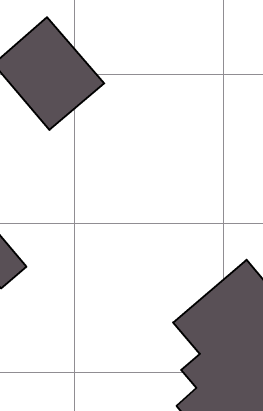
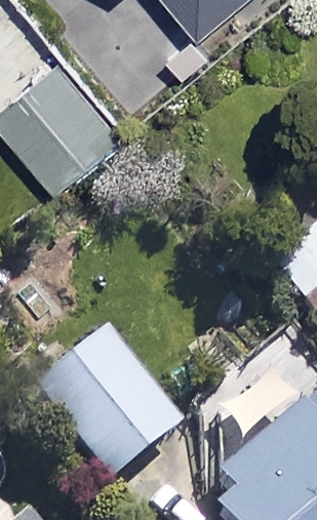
building: none -> [37,334,181,483]

